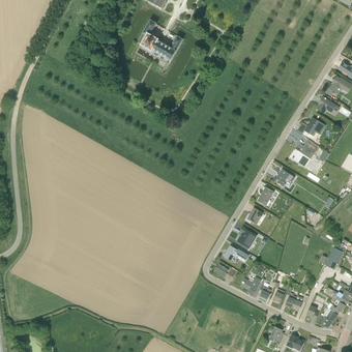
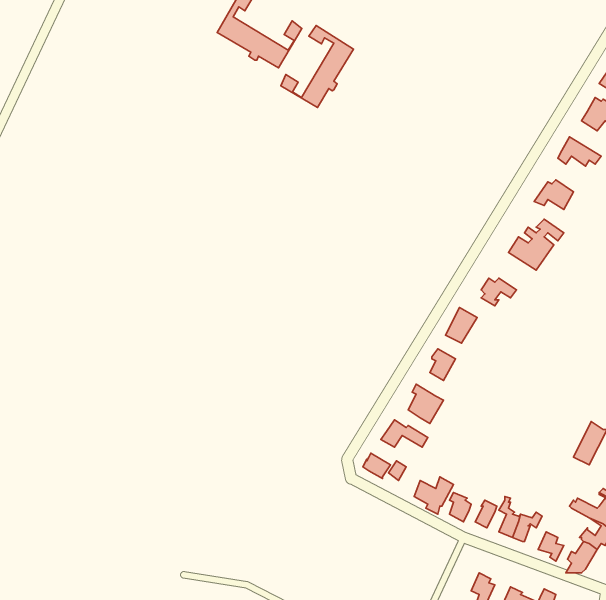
building: none -> [281,26,354,108]

